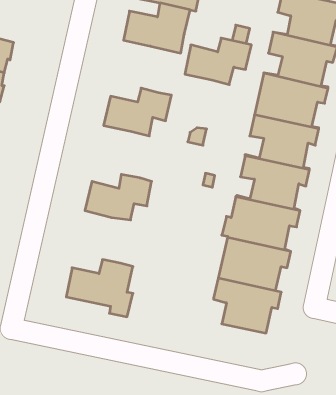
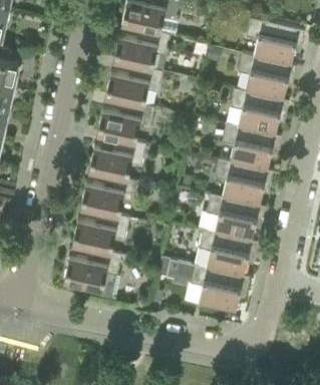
building: [185,38,251,85] -> [105,65,163,105]
building: none -> [88,138,146,178]
building: none -> [72,213,129,252]
building: none -> [157,257,195,282]

